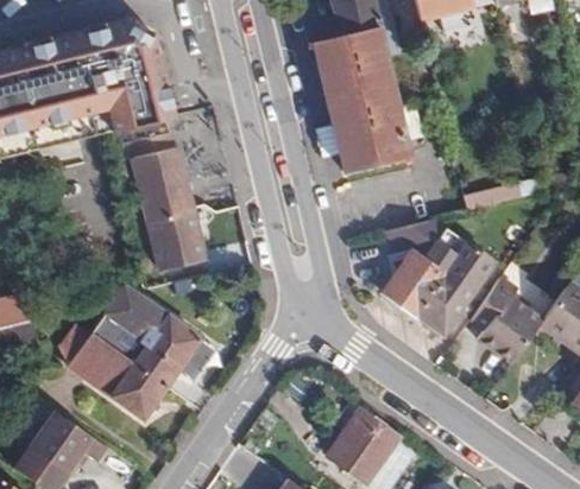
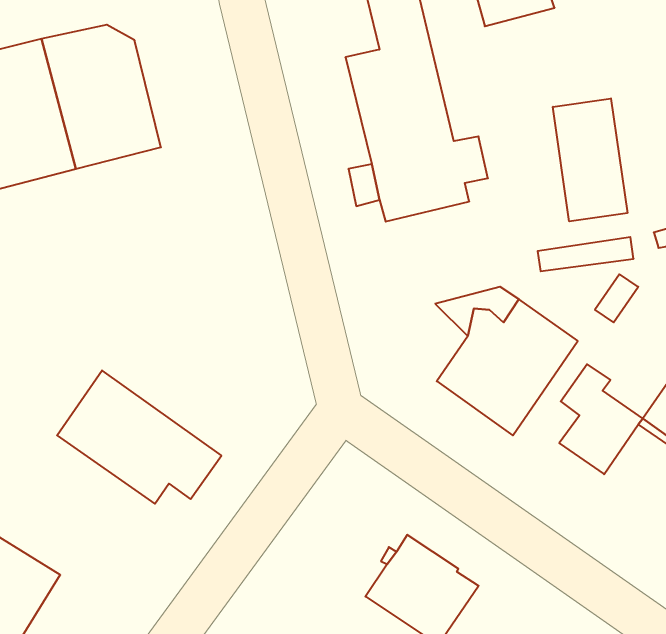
building: none -> [553,98,627,221]
building: [130,133,206,272] -> none
building: [71,334,168,417] -> none

